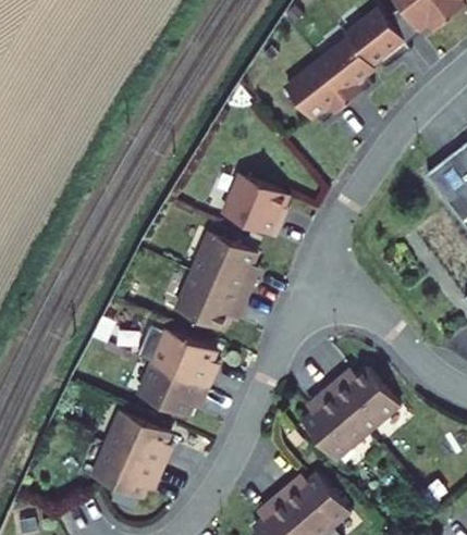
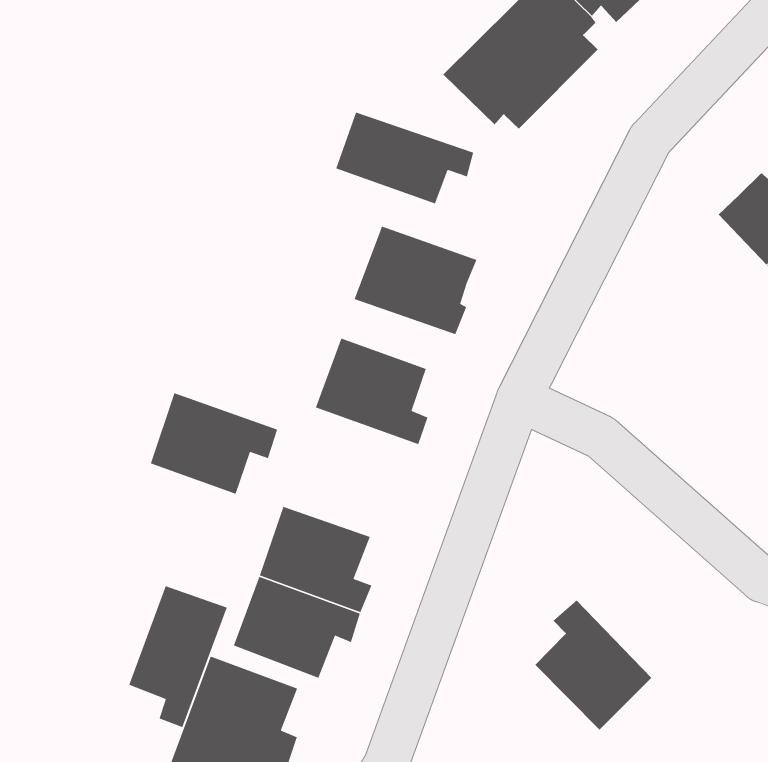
building: none -> [335,112,474,204]
building: [176,270,249,329] -> [150,392,278,495]
building: none -> [128,585,228,728]
building: [331,366,403,434] -> none

